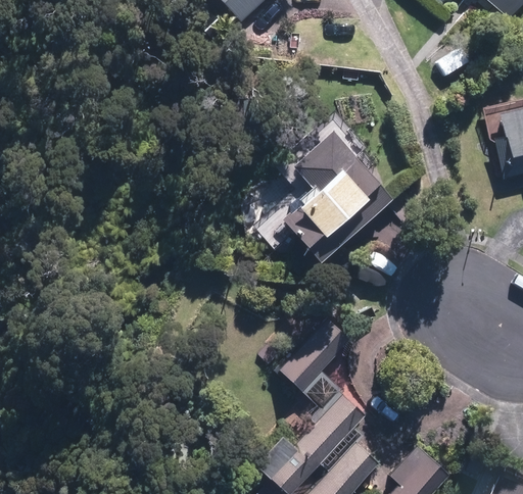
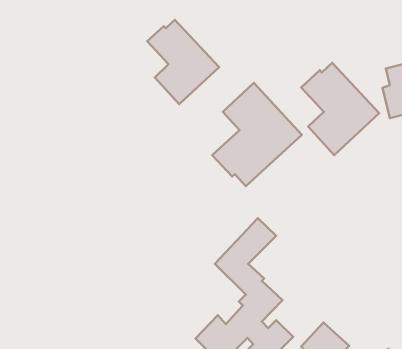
building: none -> [147,20,219,104]
building: none -> [301,63,379,155]

